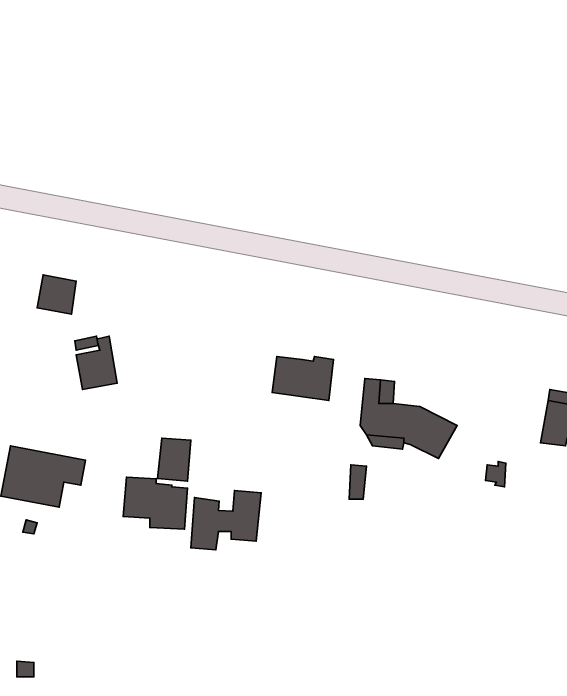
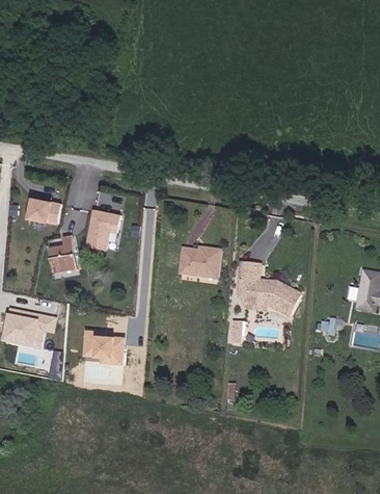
building: none -> [85,208,120,249]
building: [157,438,191,481] -> none
building: [191,491,261,550] -> none

